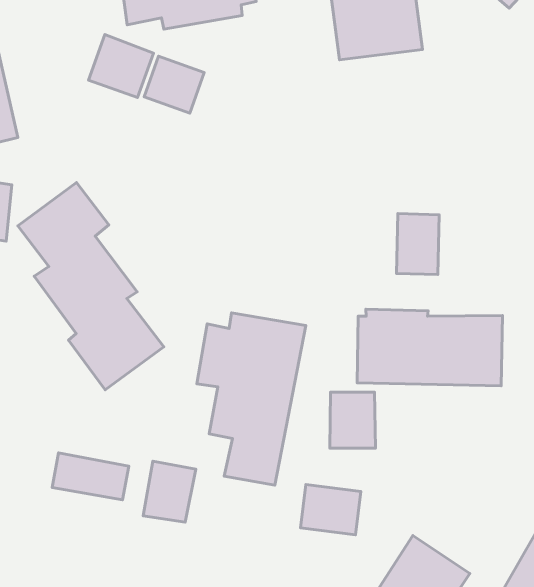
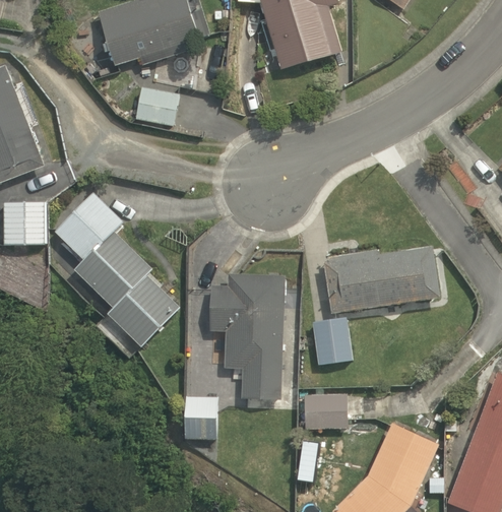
building: [89,34,154,97] -> none
building: [396,214,439,275] -> none
building: [52,453,129,500] -> none

